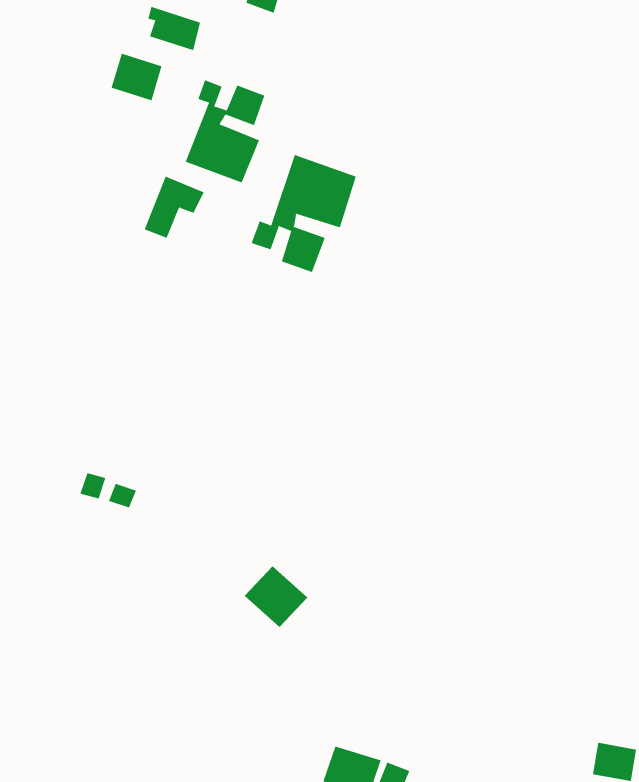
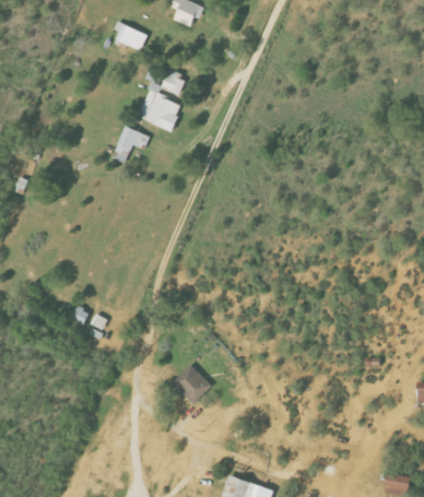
building: [111,53,162,101] -> none
building: [251,154,357,273] -> none

